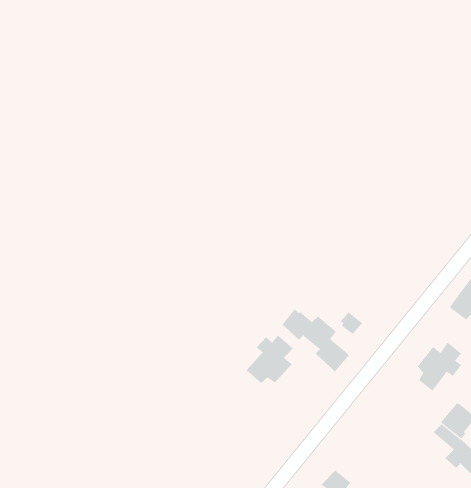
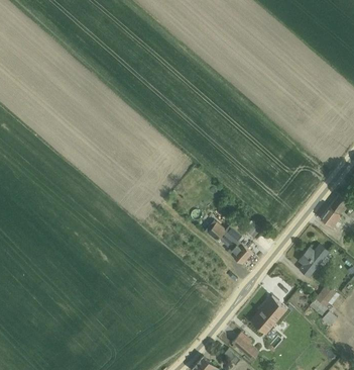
building: [246,335,294,384] -> none
building: none -> [251,296,287,334]

